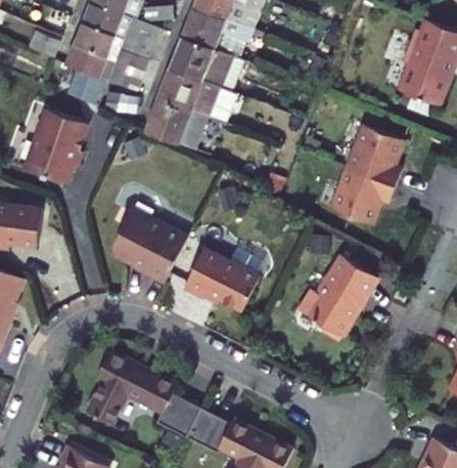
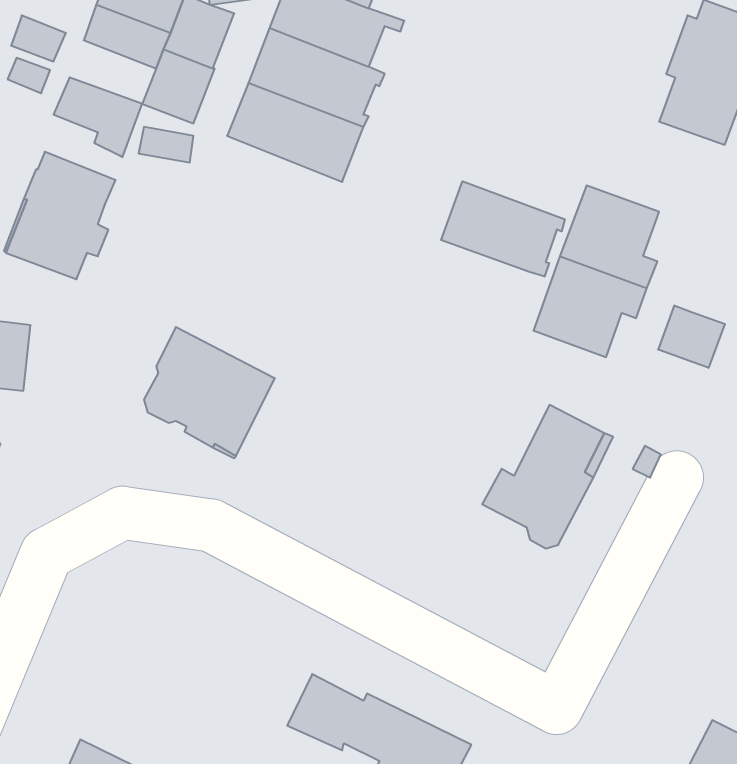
building: [64,43,115,80] -> none
building: [143,98,207,151] -> none
building: none -> [441,181,565,277]
building: none -> [658,305,725,368]
building: [181,246,257,309] -> none
building: [90,352,204,439] -> none

